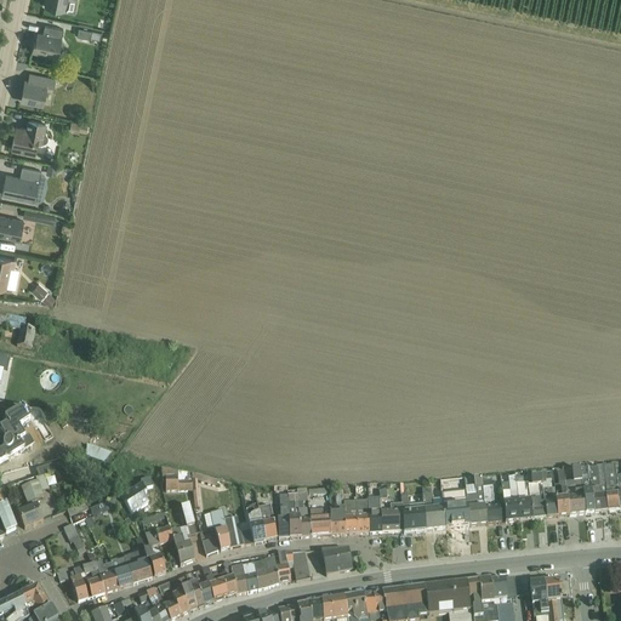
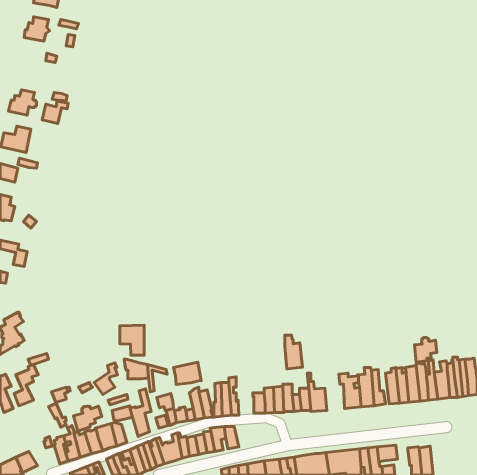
building: [21,73,55,102] -> [42,101,68,124]
building: none -> [120,325,144,355]
building: none -> [414,337,437,362]
building: none -> [174,362,201,384]
building: [422,489,445,532] -> [285,335,303,369]
building: [309,511,330,539] -> none
building: none -> [74,406,102,431]
building: [320,551,352,576] -> none

